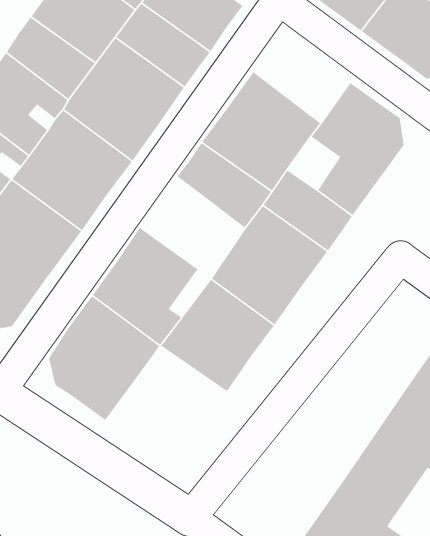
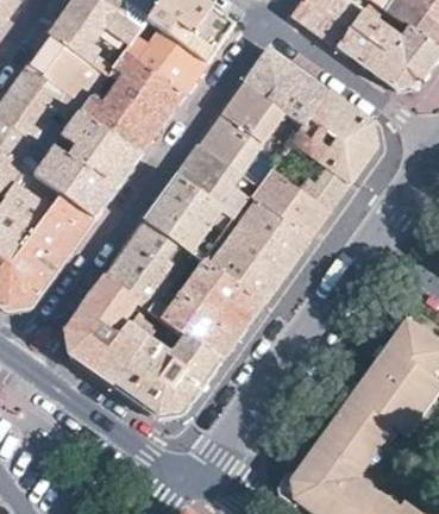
building: none -> [244,45,328,125]
building: none -> [145,171,227,252]
building: none -> [115,319,221,416]

